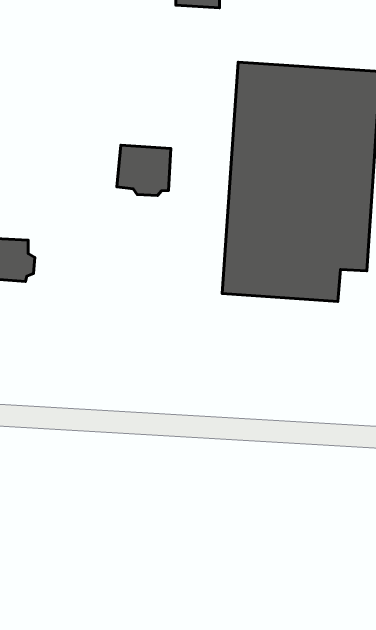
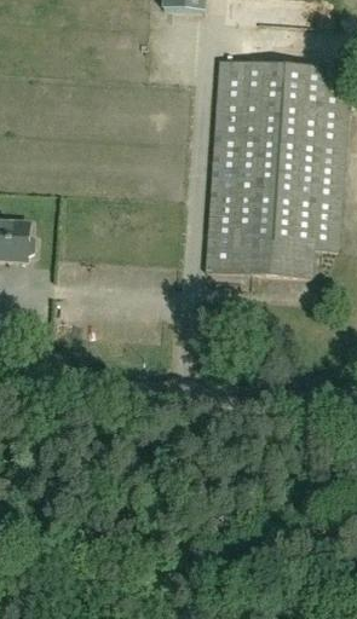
building: [117,145,171,196] -> none

